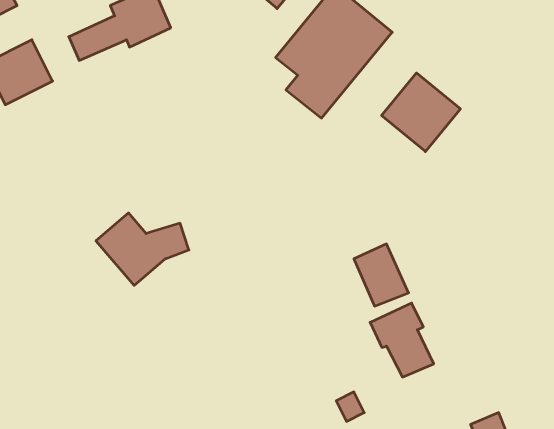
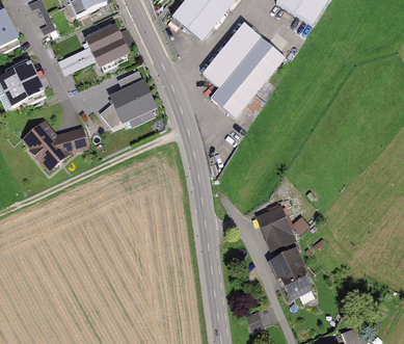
building: none -> [99,71,155,127]
building: [382,73,460,152] -> none
building: [96,213,189,285] -> [22,120,87,170]

